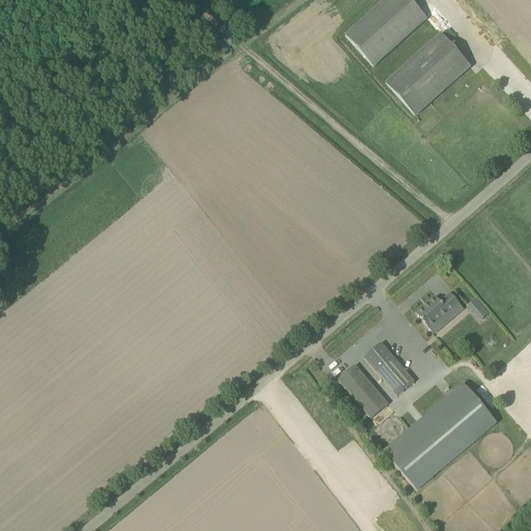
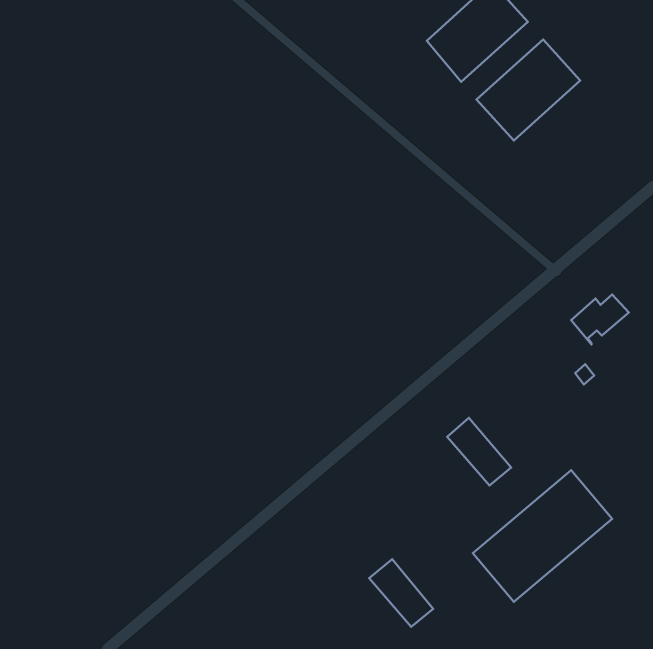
building: [416,291,463,332] -> [571,295,629,344]
building: [336,362,388,417] -> [369,559,433,627]

